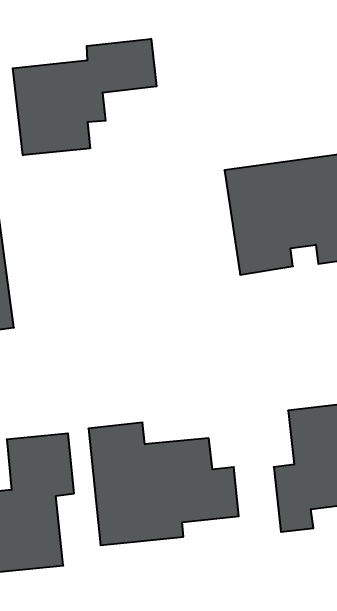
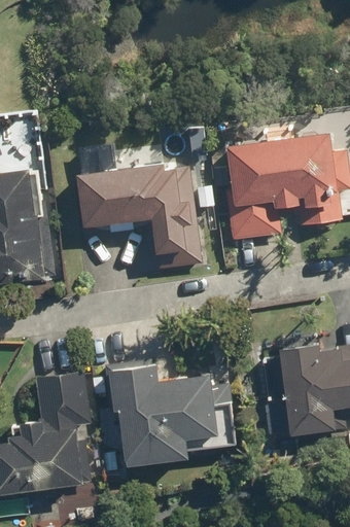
building: [13,39,157,155] -> none
building: none -> [75,164,194,254]

